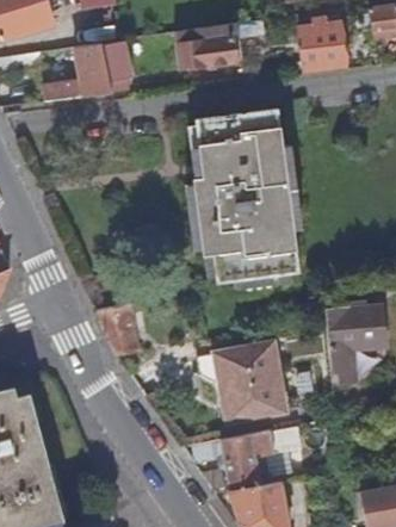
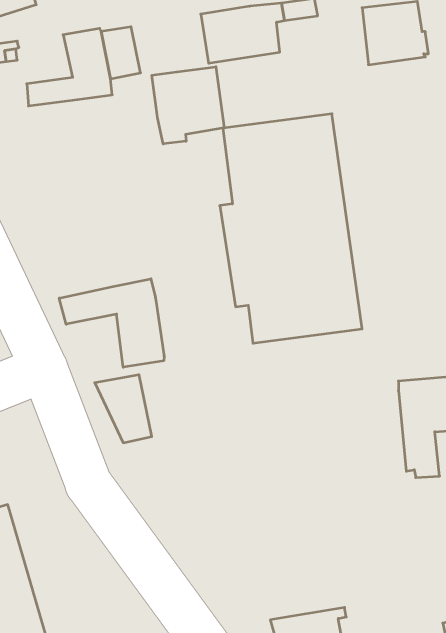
building: none -> [152,67,224,144]
building: none -> [59,279,164,367]
building: [216,342,284,420] -> none
building: [219,424,292,489] -> none

